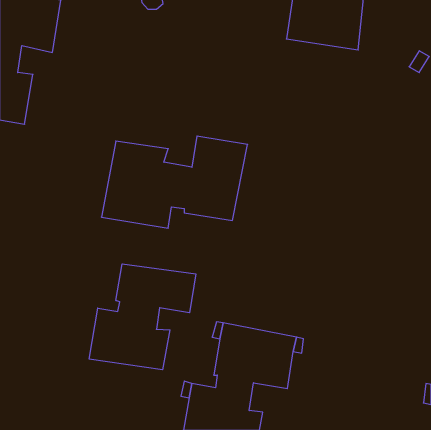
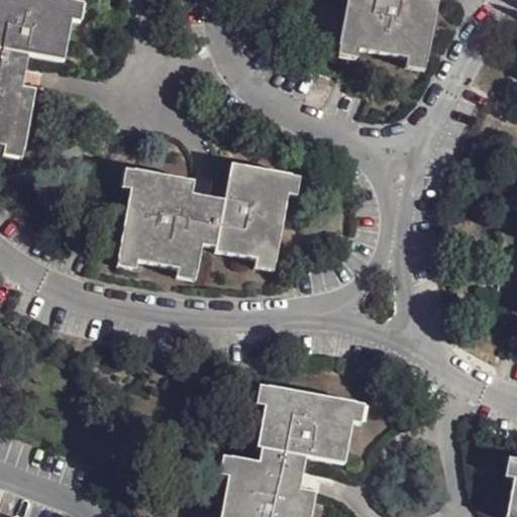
building: [89,264,196,370] -> none

